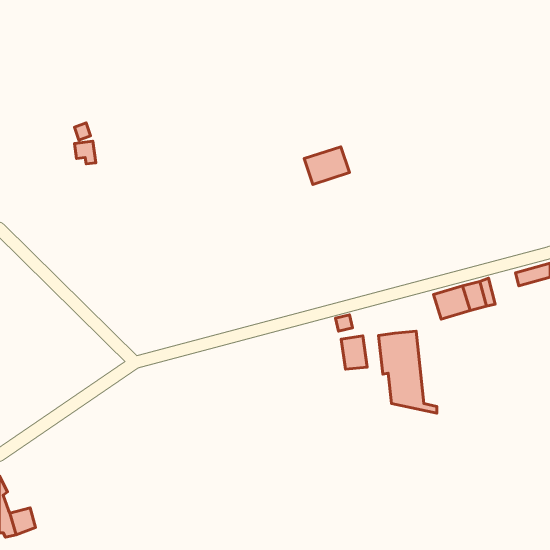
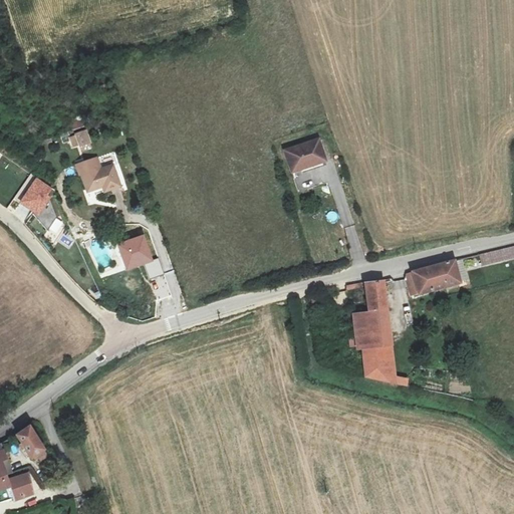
building: none -> [74,158,119,192]
building: none -> [17,177,52,217]
building: none -> [117,234,163,276]
building: [341,336,367,369] -> [363,279,388,310]
building: none -> [16,425,47,463]

